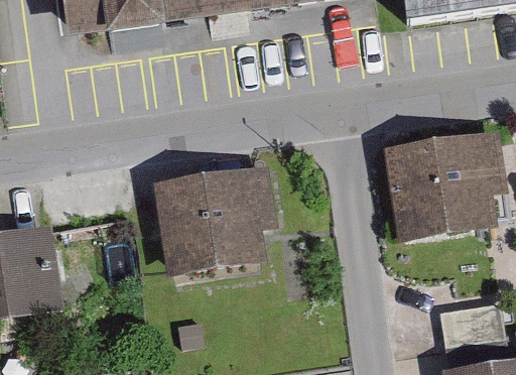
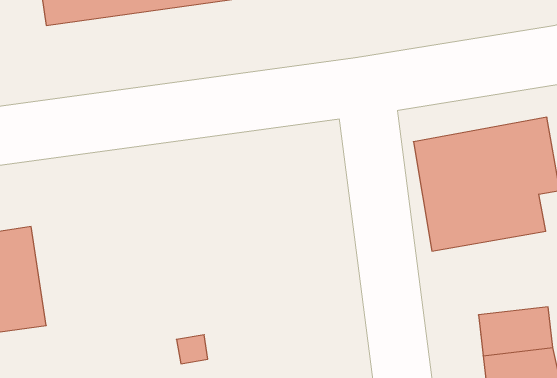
building: [154,166,279,276] -> none

